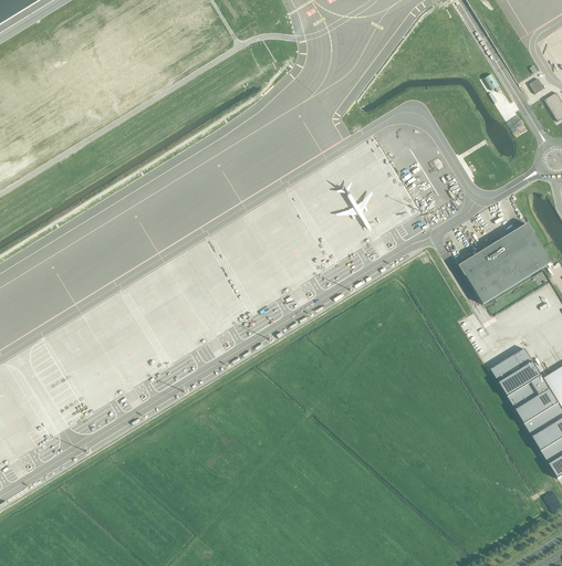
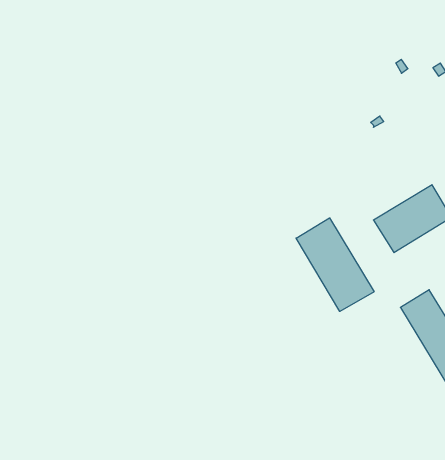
building: none -> [296,218,374,311]

